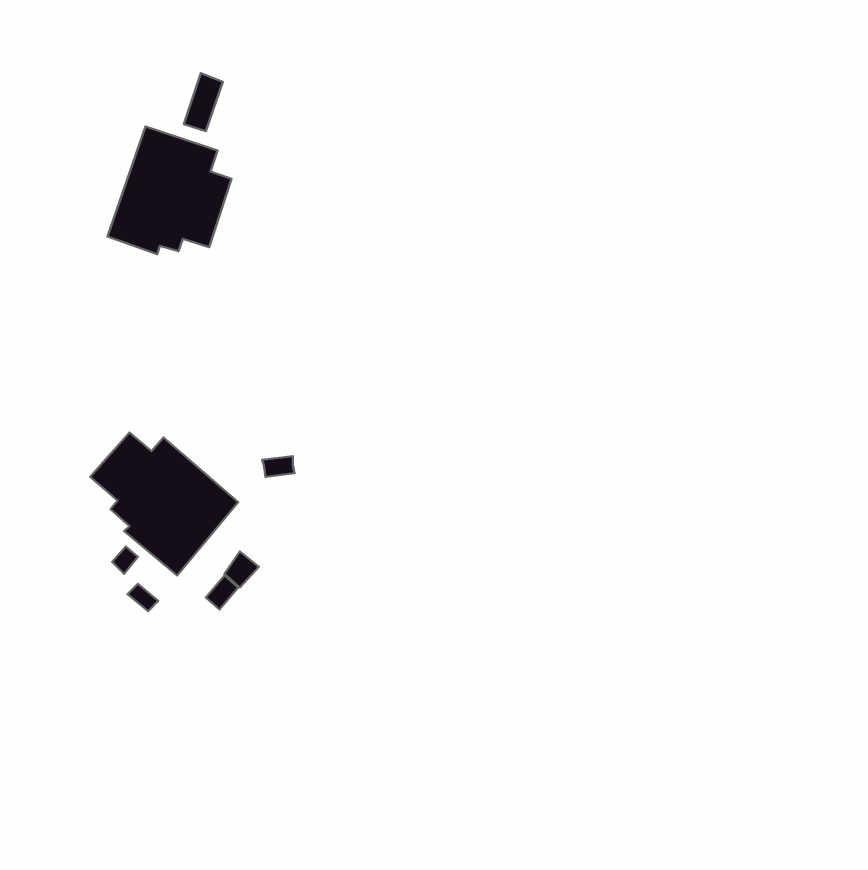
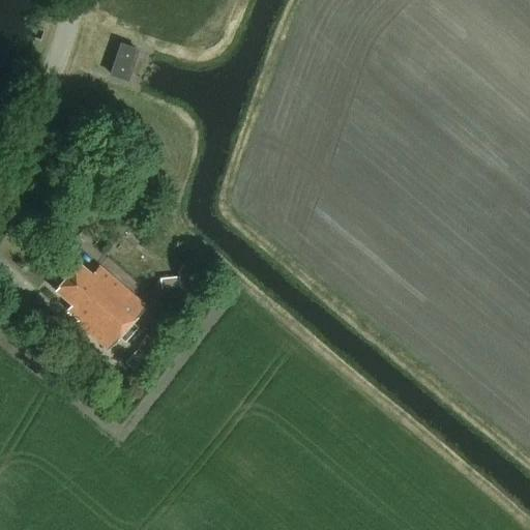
building: [108,126,232,254] -> none

